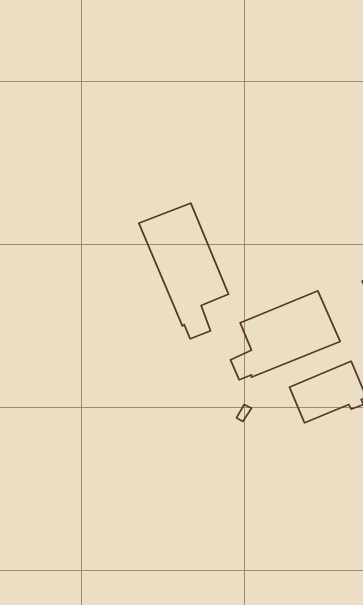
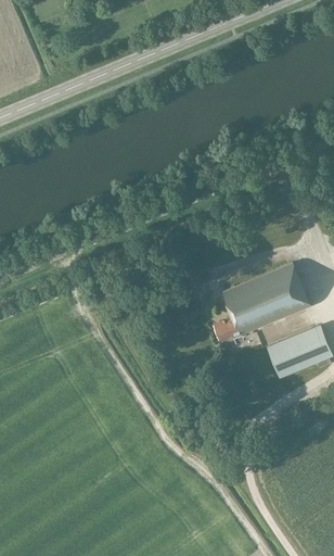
building: [139,203,228,339] -> none

